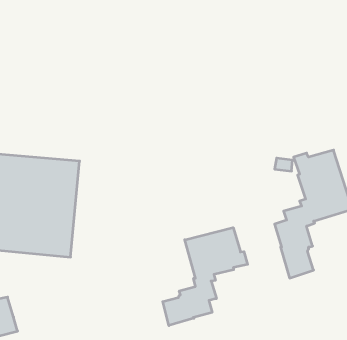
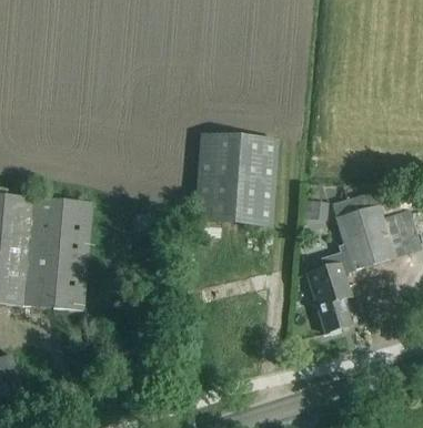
building: none -> [193,133,278,226]
building: [163,228,248,326] -> none

